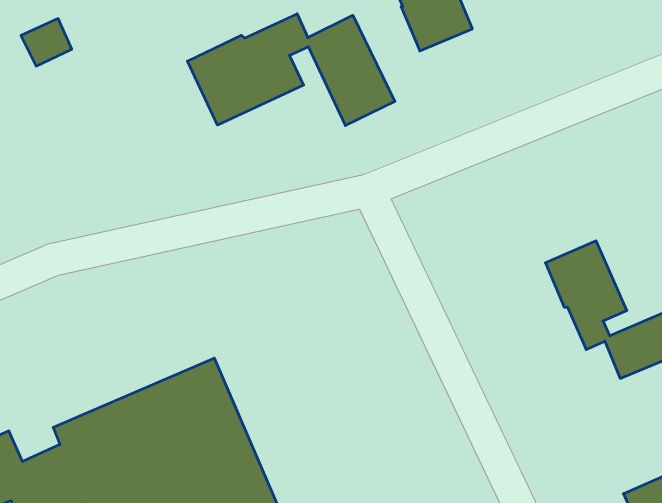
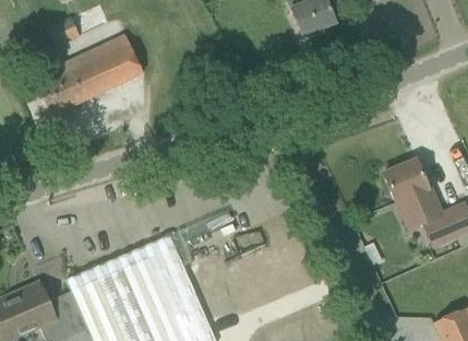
building: [187,14,395,126] -> none
building: none -> [38,32,143,115]

